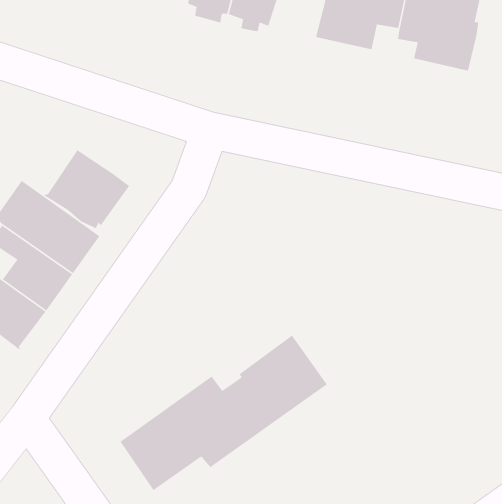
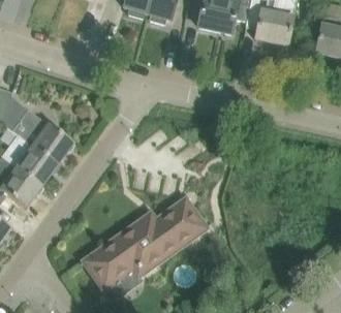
building: [44,149,130,229] -> none

